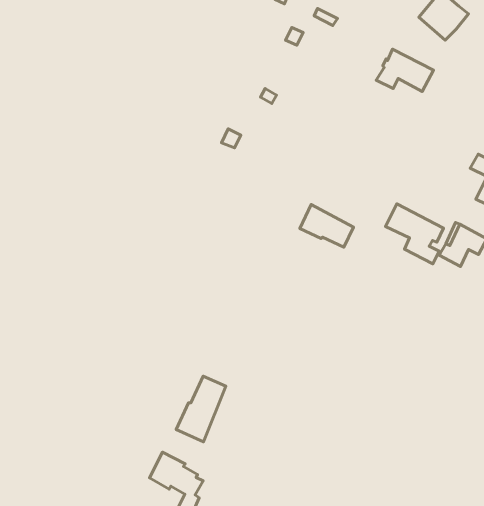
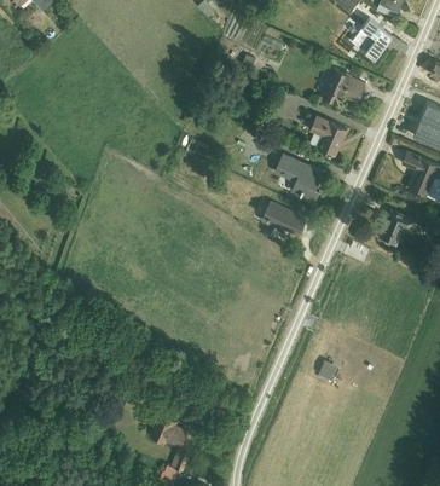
building: none -> [308,115,346,155]
building: [385,204,443,264] -> [273,152,322,201]
building: [176,376,226,442] -> none

